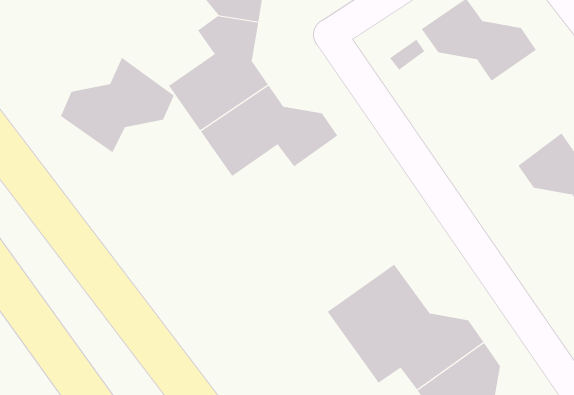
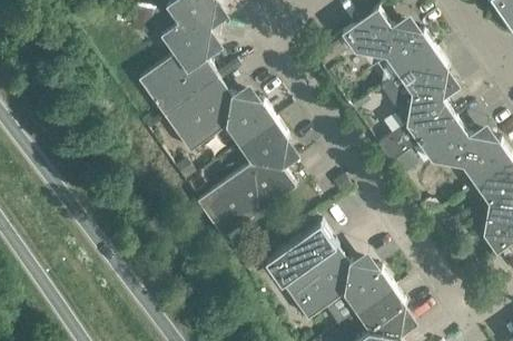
building: none -> [378,51,456,165]
building: [60,57,175,153] -> none
building: none -> [198,120,297,240]

